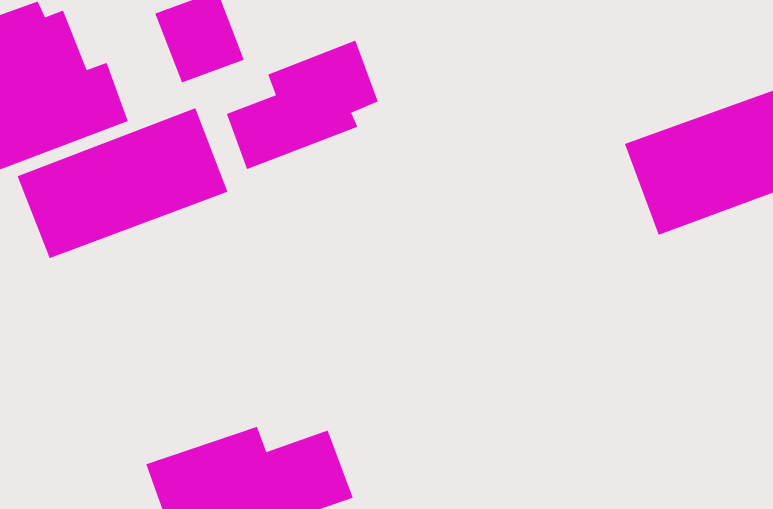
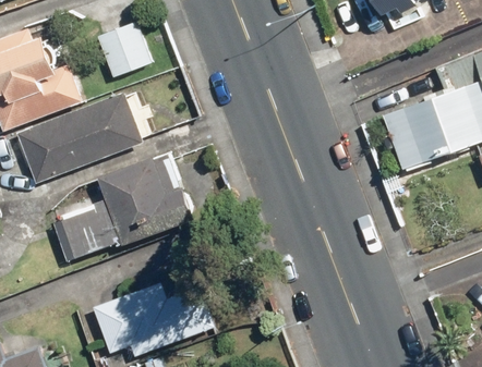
building: [226,40,379,170] -> none
building: none -> [50,154,195,262]

